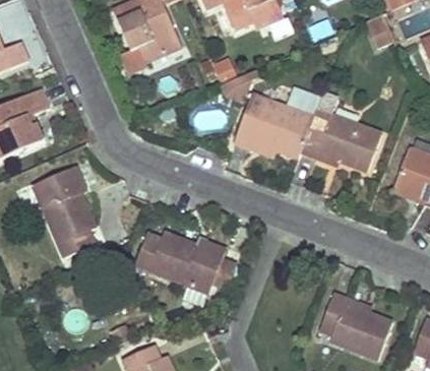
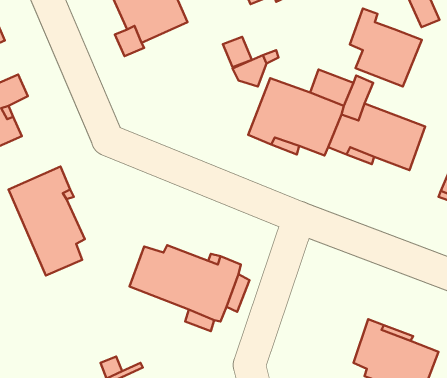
building: none -> [350,9,422,87]

